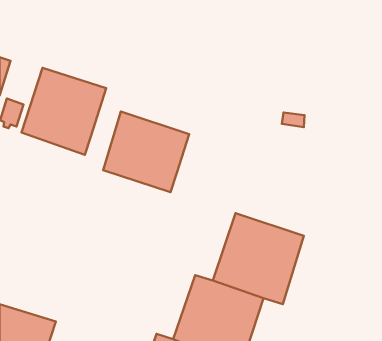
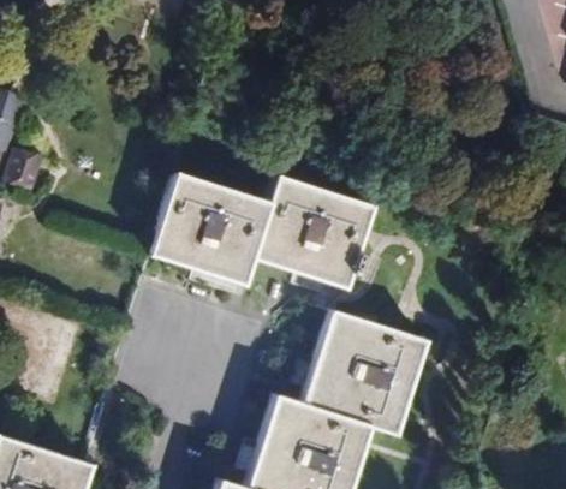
building: [22,68,106,155] -> none
building: none -> [251,173,369,286]

